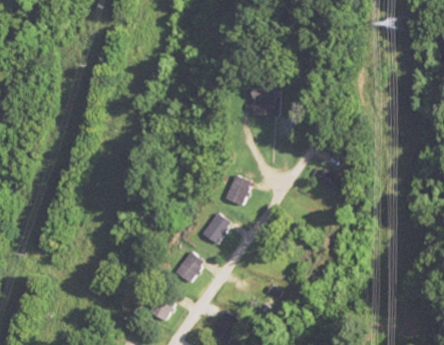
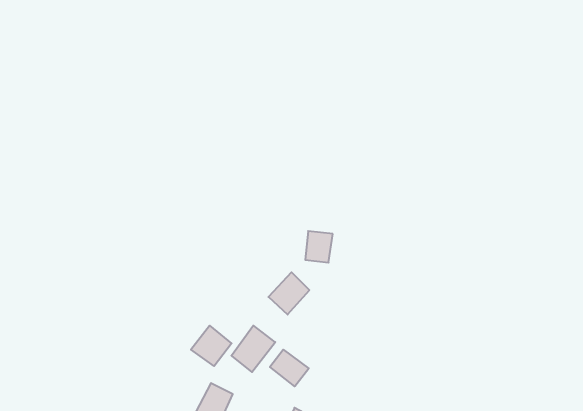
building: none -> [191,326,232,366]
building: none -> [270,350,309,386]

